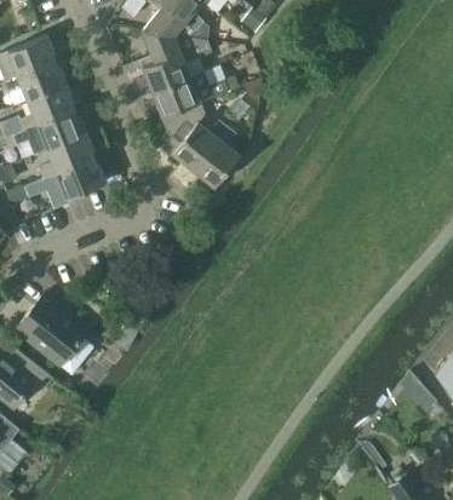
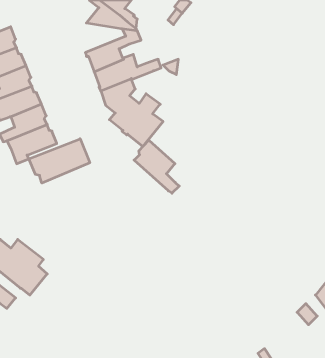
building: [139,31,194,69] -> none
building: none -> [29,139,90,183]
building: none -> [134,140,179,193]

